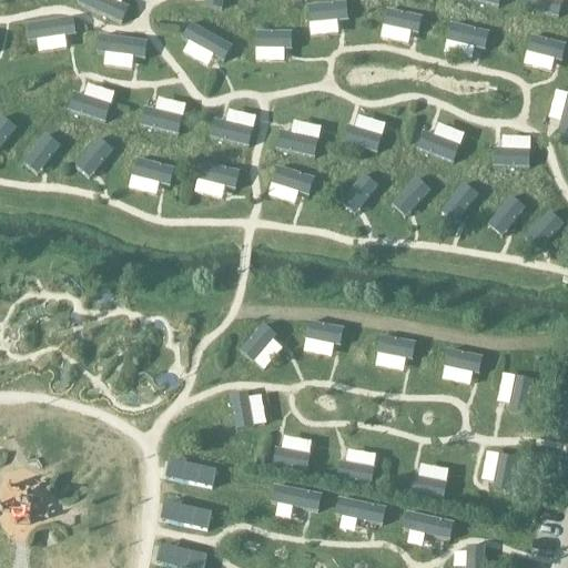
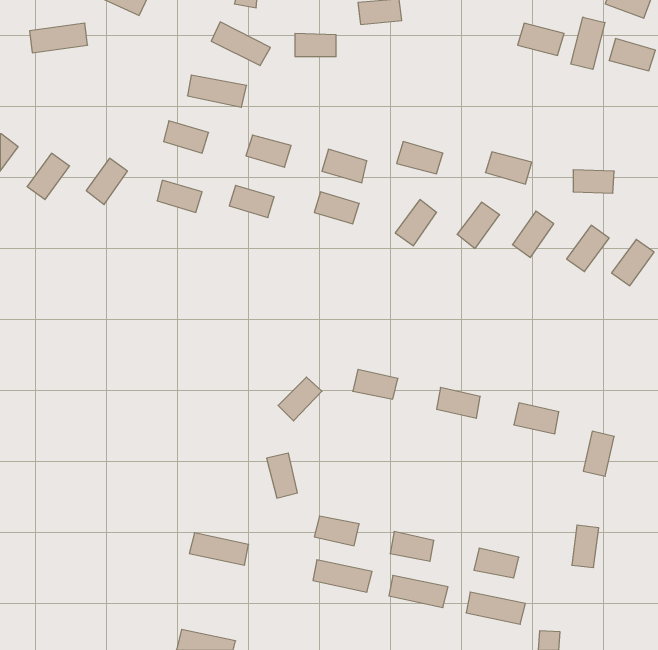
building: [382,6,420,32] -> none
building: none -> [571,17,605,69]
building: [95,32,146,60] -> [187,75,247,107]
building: [69,92,109,120] -> none
building: [160,499,211,527] -> none

